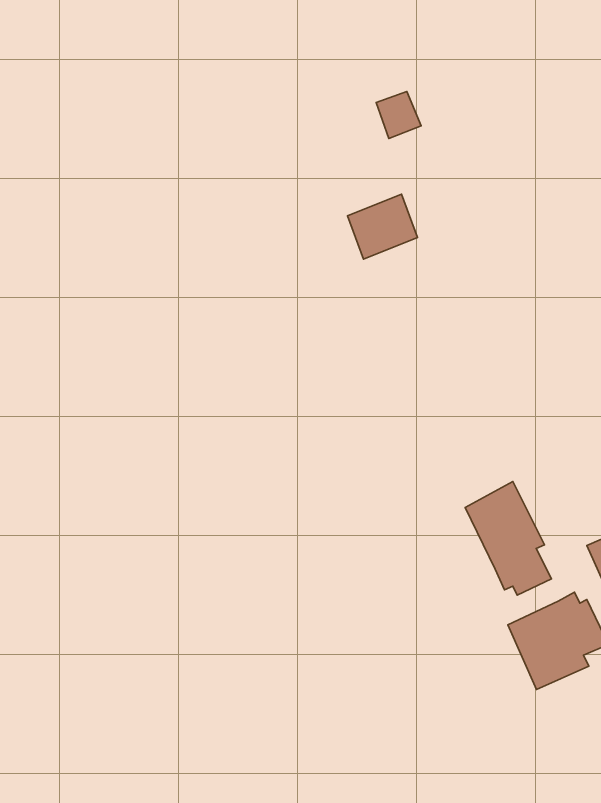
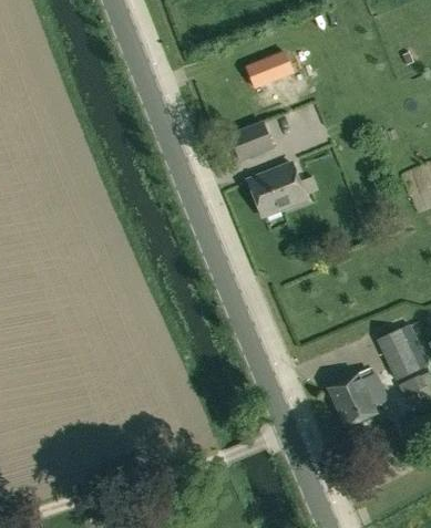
building: none -> [249,162,318,215]
building: [465,482,551,595] -> none

